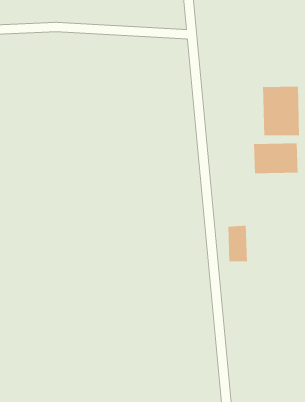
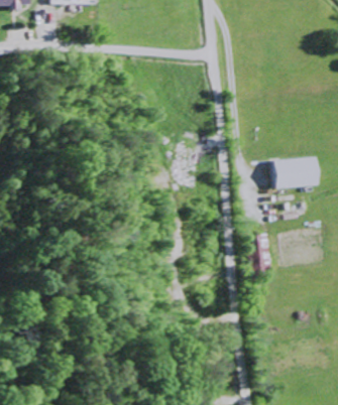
building: [262,86,300,136] -> none

